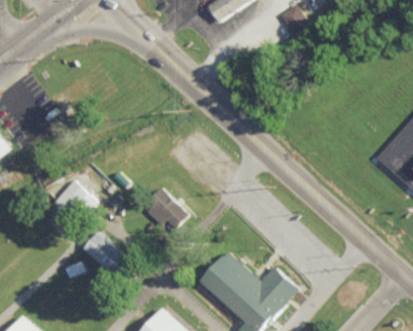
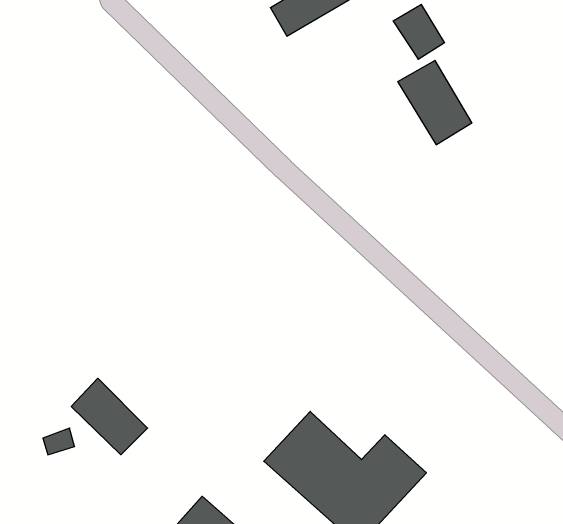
building: none -> [398,60,472,145]
building: [50,180,94,226] -> none
building: [141,190,186,229] -> none

